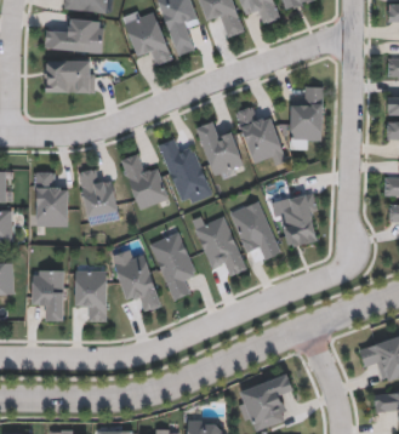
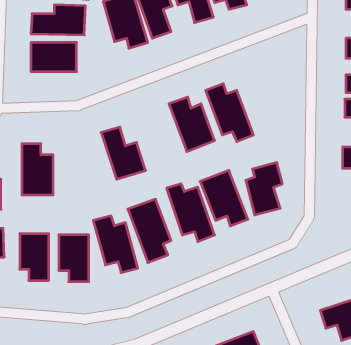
building: [289,86,323,139] -> none
building: [158,137,211,206] -> none
building: [76,166,120,224] -> none

